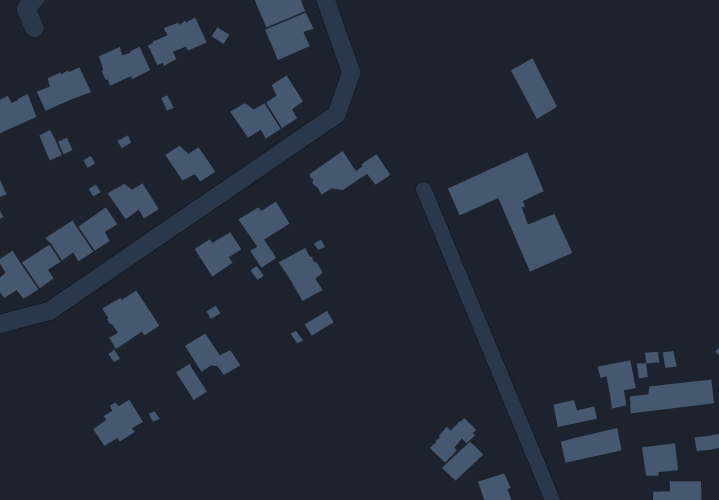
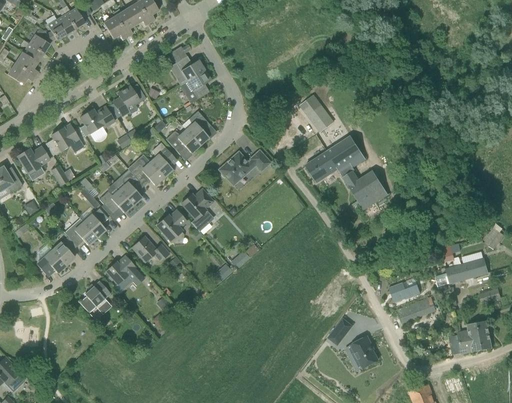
building: [510,57,558,120] -> [300,95,333,133]
building: none -> [150,143,174,177]
building: none -> [119,172,143,205]
building: [278,247,324,302] -> none
building: [184,332,242,376] -> [132,237,169,262]
building: [597,359,637,410] -> none
building: [92,399,144,447] -> [79,281,110,313]
building: [429,417,477,464] -> none
building: [641,443,679,476] -> none

